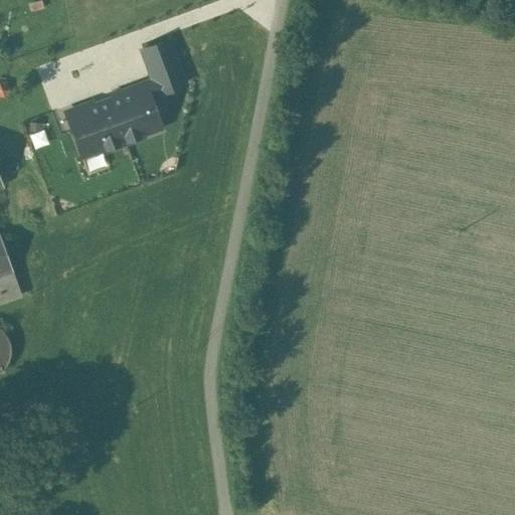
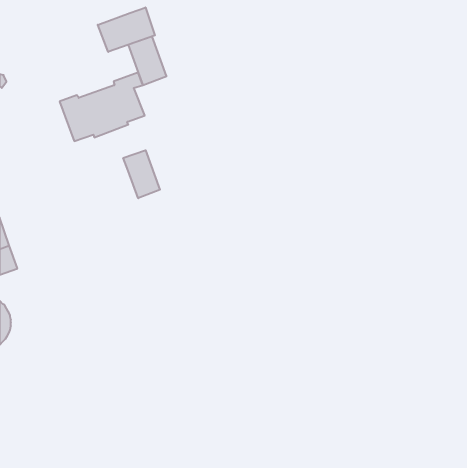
building: none -> [98,7,155,52]
building: none -> [123,150,160,198]

